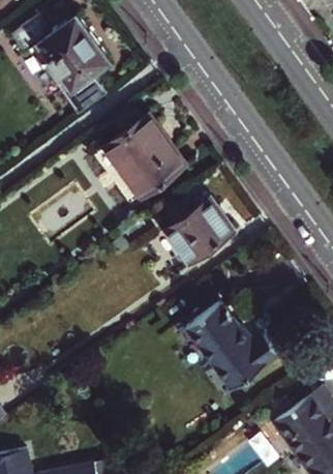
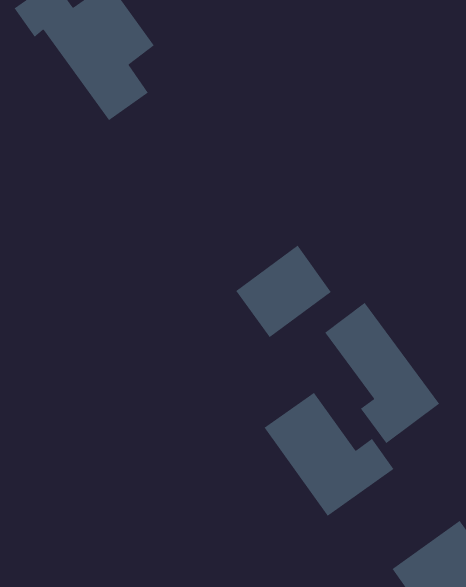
building: [104,115,184,196] -> none
building: none -> [324,302,440,444]

